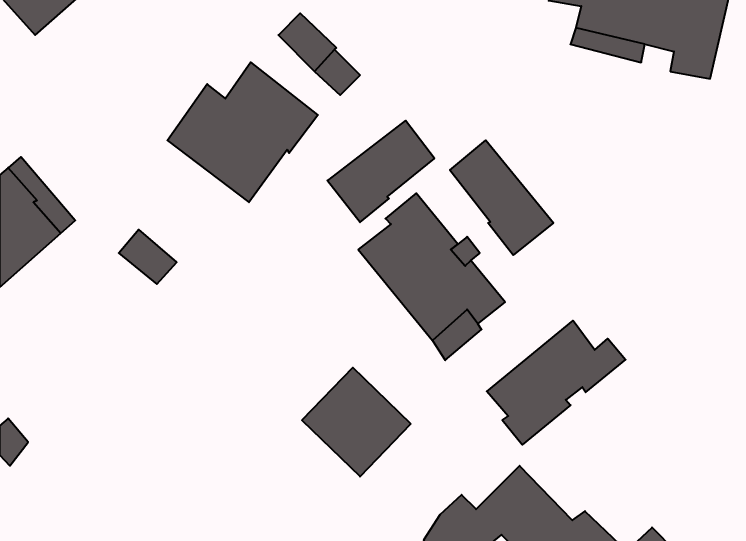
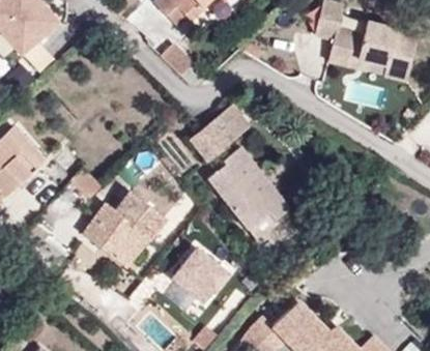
building: [167,62,318,202] -> [81,188,167,268]
building: [450,140,553,255] -> none
building: [487,321,626,445] -> none

